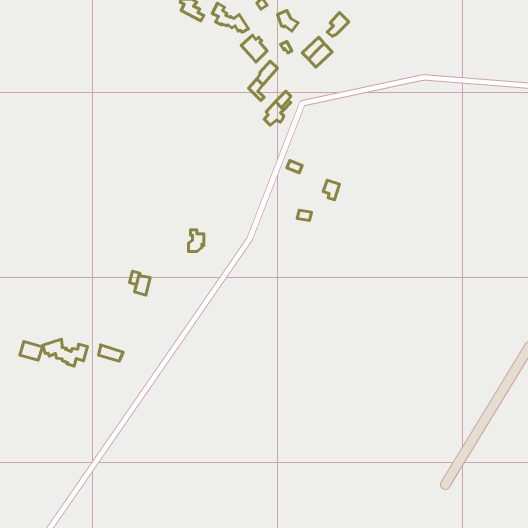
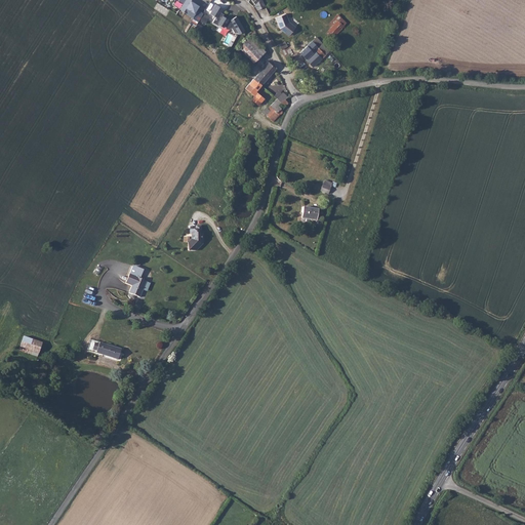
building: [43,339,88,366] -> none

